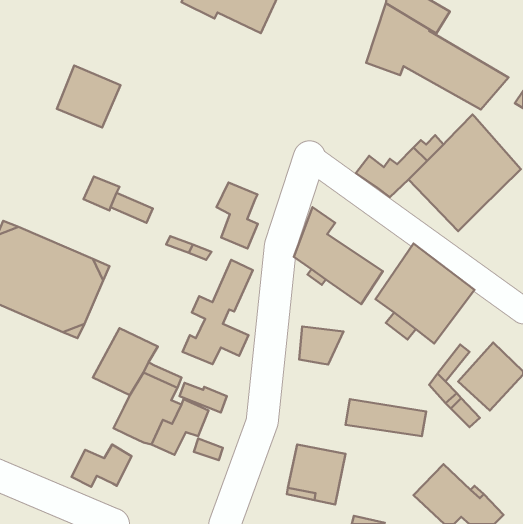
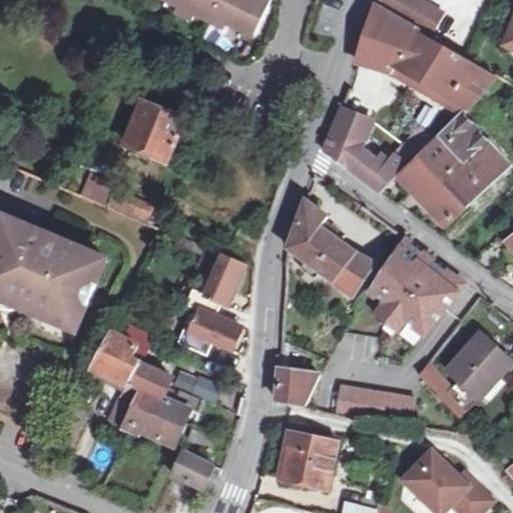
building: [57,66,121,128] -> [122,99,184,159]
building: none -> [321,108,370,168]
building: [217,182,258,249] -> none
building: [299,326,344,365] -> [275,369,318,406]
building: [71,444,132,487] -> none
building: none -> [170,449,209,486]

